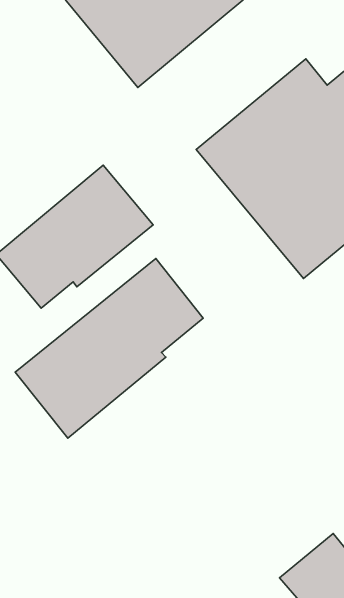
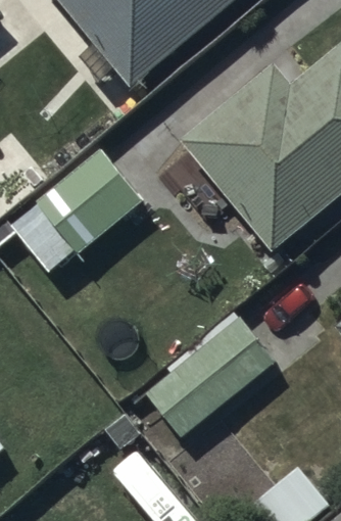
building: [15,259,203,438] -> none
building: none -> [142,318,274,440]

